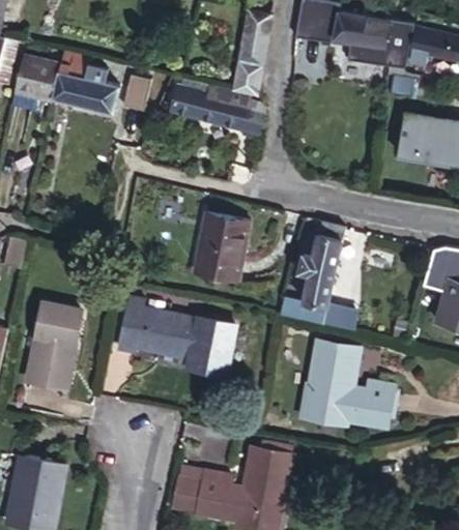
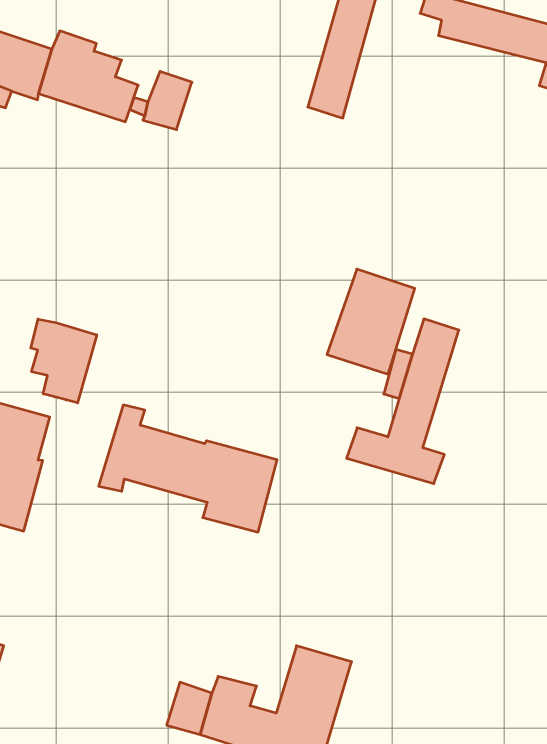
building: [168,88,260,131] -> none
building: [195,215,249,283] -> [327,269,415,374]
building: none -> [31,319,97,403]
building: [302,338,392,424] -> none

